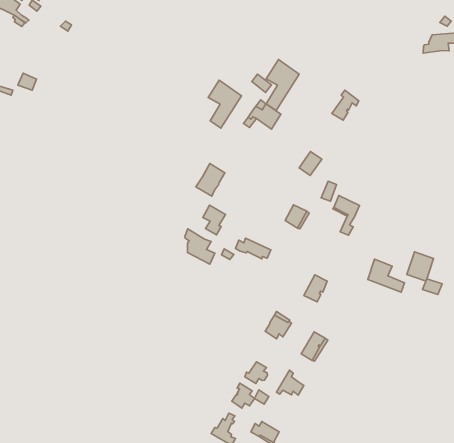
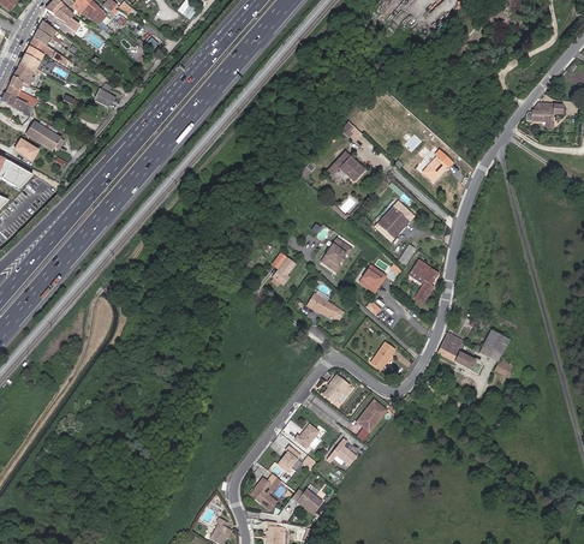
building: [266,60,299,110] -> none
building: [208,80,241,128] -> none
building: [196,163,225,196] -> [320,237,352,271]
building: [185,229,215,264] -> none

